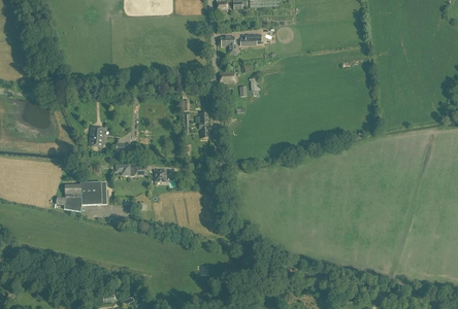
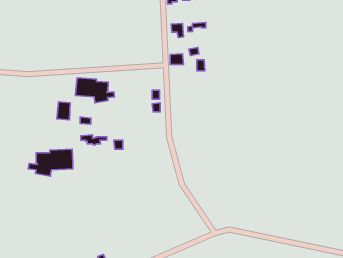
building: none -> [76,78,115,103]

